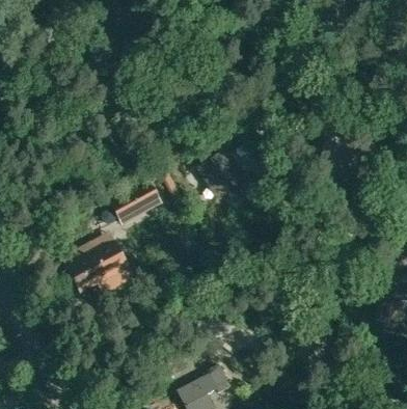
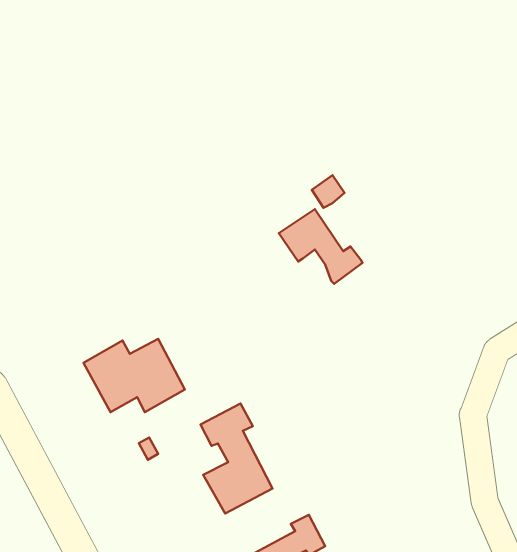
building: [118,184,164,223] -> none
building: none -> [201,404,272,513]

